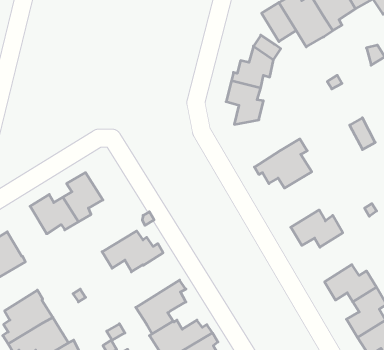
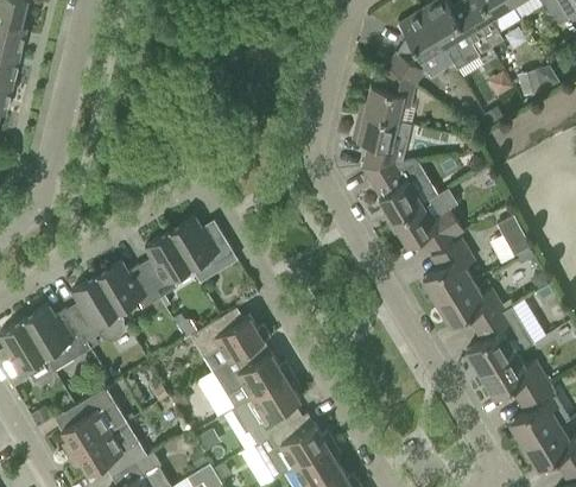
building: none -> [362,160,422,226]
building: [350,118,375,150] -> [496,215,530,257]
building: none -> [169,217,233,268]
building: none -> [422,239,474,304]
building: none -> [67,277,125,342]
building: none -> [466,308,532,375]
building: none -> [213,353,291,409]

